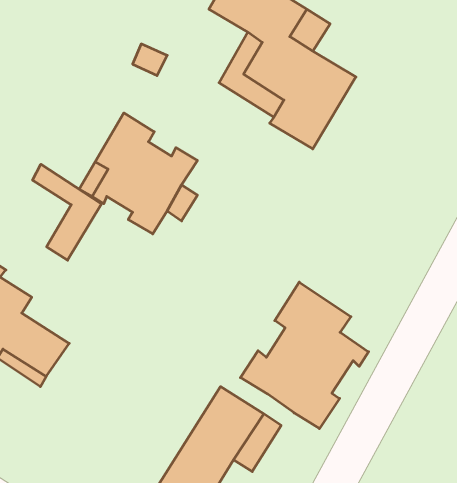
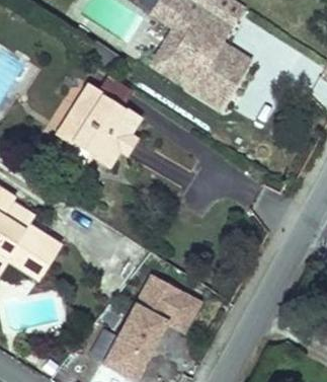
building: [33,164,102,260] -> none
building: [240,282,369,429] -> none

